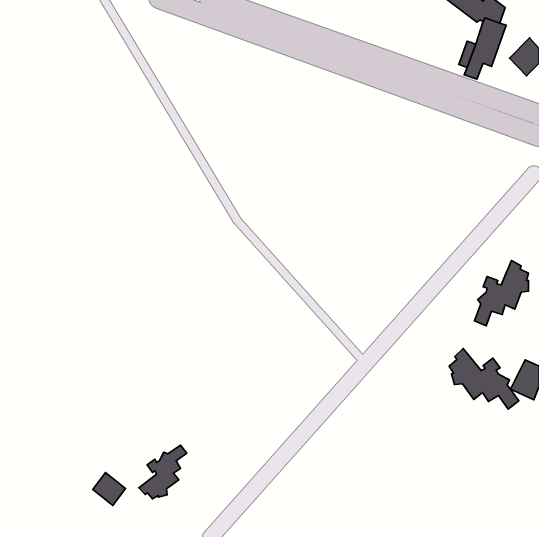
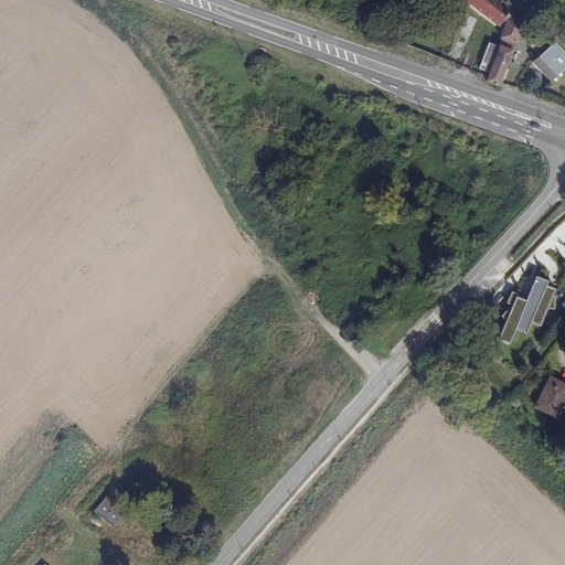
building: [449,348,519,409] -> none
building: [139,445,187,499] -> none

